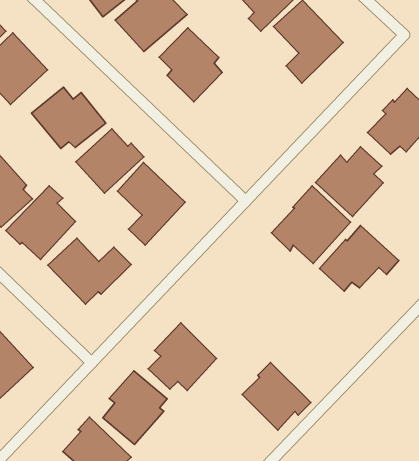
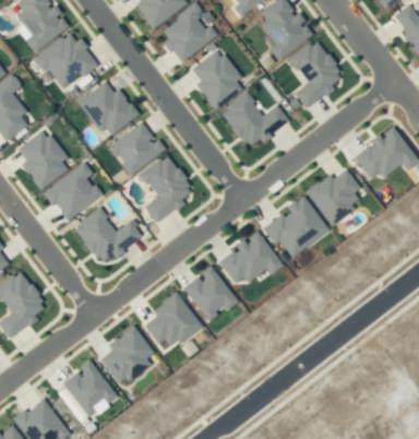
building: none -> [219,92,290,149]
building: [320,225,399,291] -> [217,232,284,284]
building: [242,363,311,430] -> [182,264,238,321]

